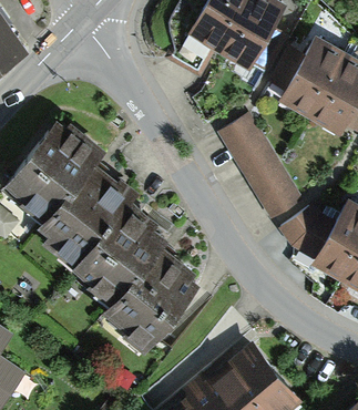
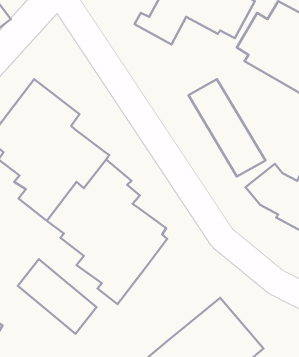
building: none -> [18,259,97,334]

